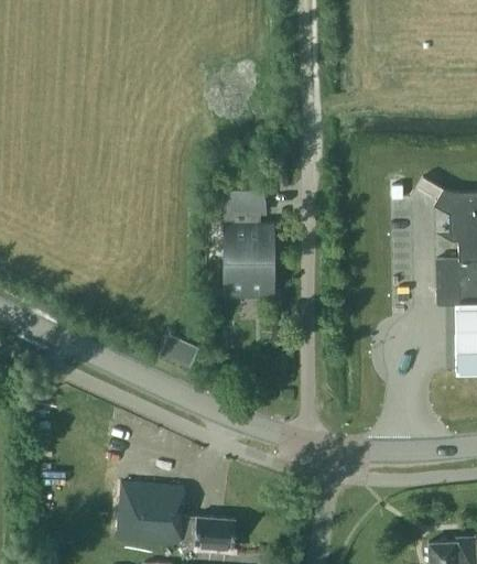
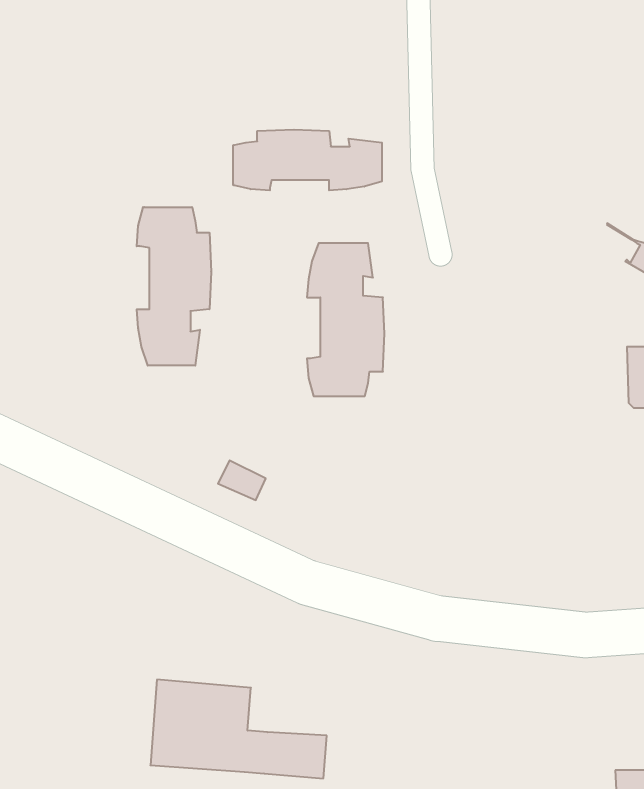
building: none -> [233,130,382,190]
building: none -> [137,207,211,366]

